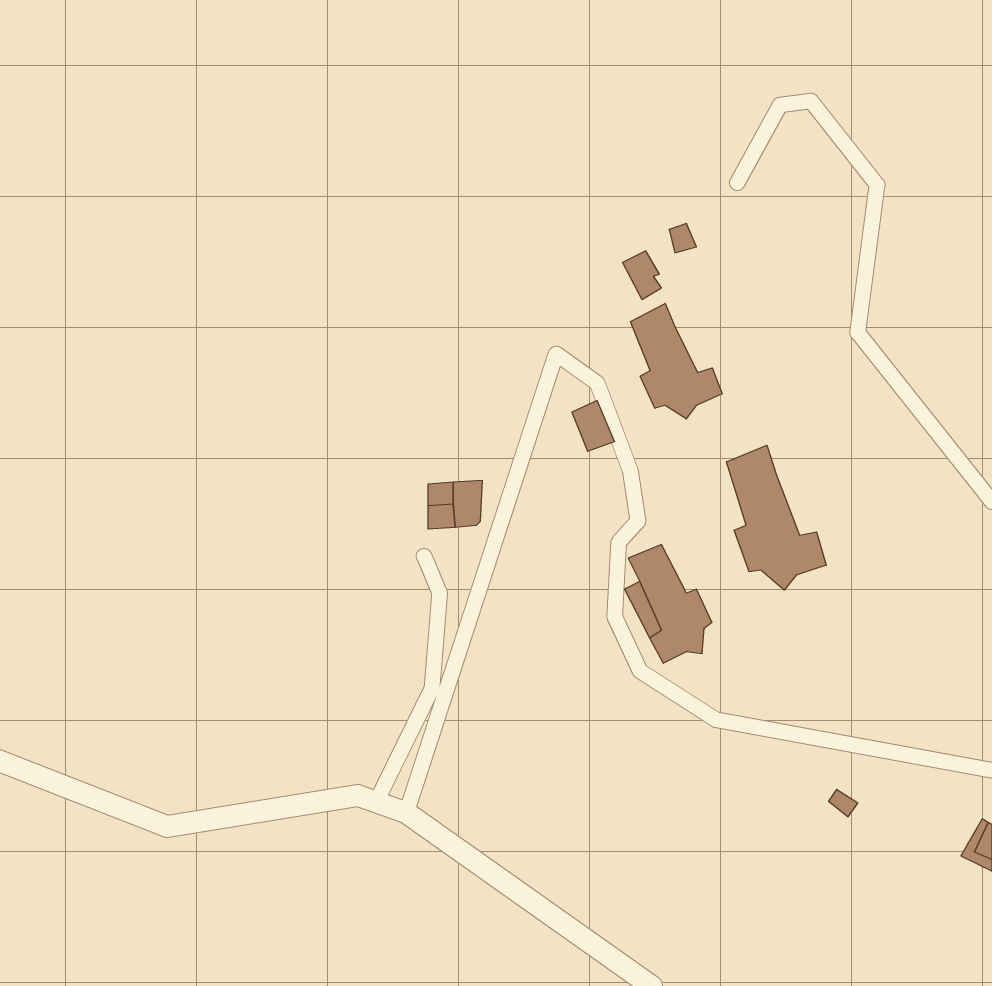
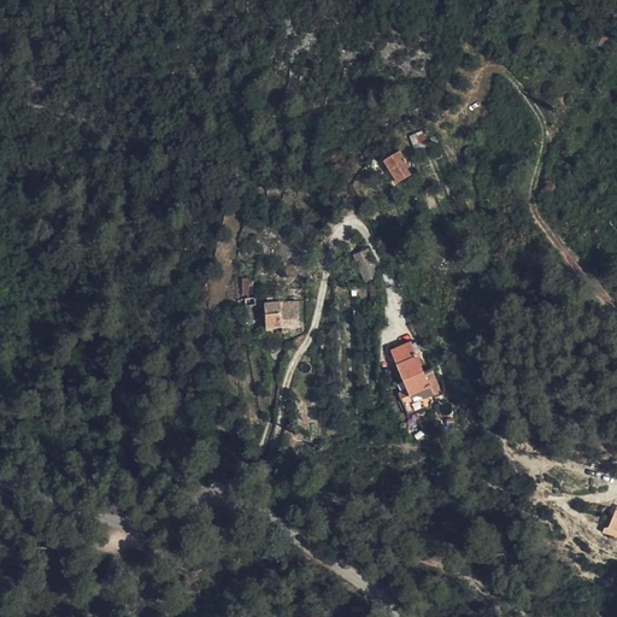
building: [630,303,722,419] -> none
building: [726,445,826,590] -> none

